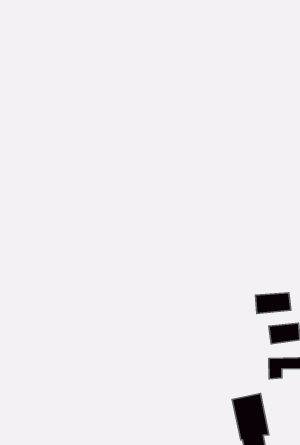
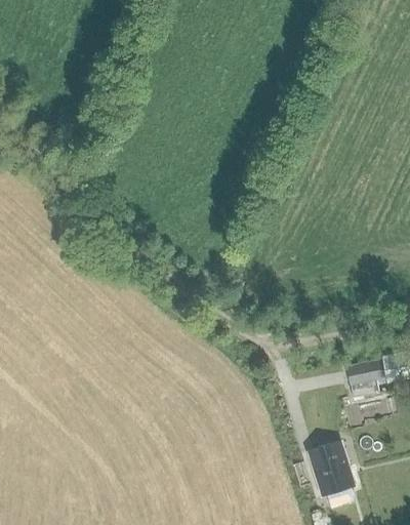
building: [256,293,291,313] -> none

